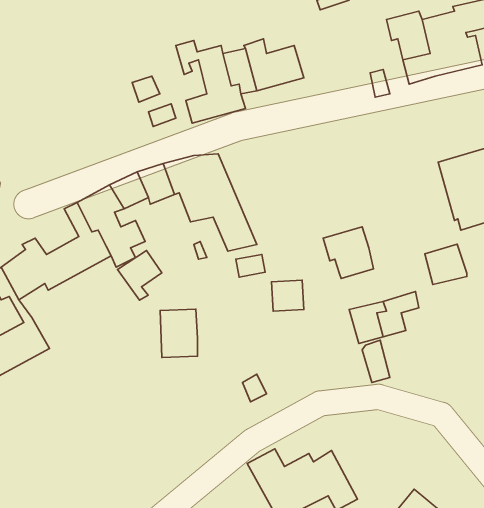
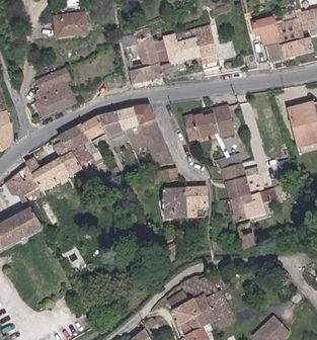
building: none -> [56,14,88,38]
building: none -> [177,25,221,65]
building: none -> [35,68,75,115]
building: none -> [183,105,235,141]
building: [425,244,467,285] -> [226,177,252,202]
building: [117,250,162,300] -> none
building: [160,309,197,358] -> [160,185,183,216]

